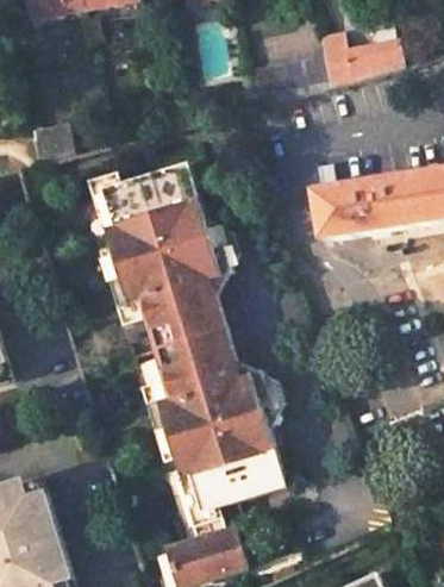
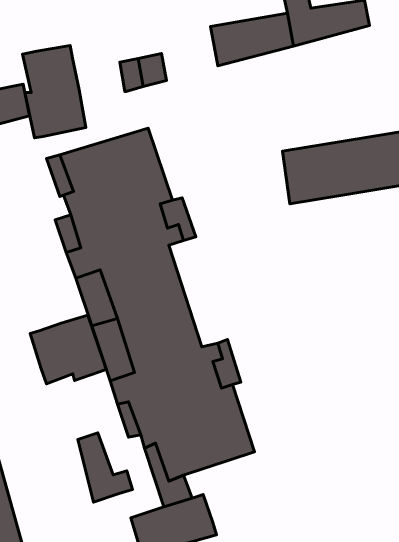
building: none -> [22,46,86,138]
building: none -> [30,315,106,384]
building: none -> [78,433,133,502]

